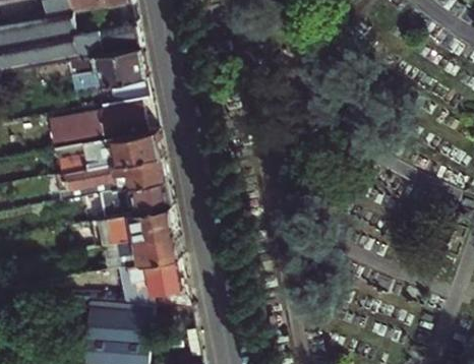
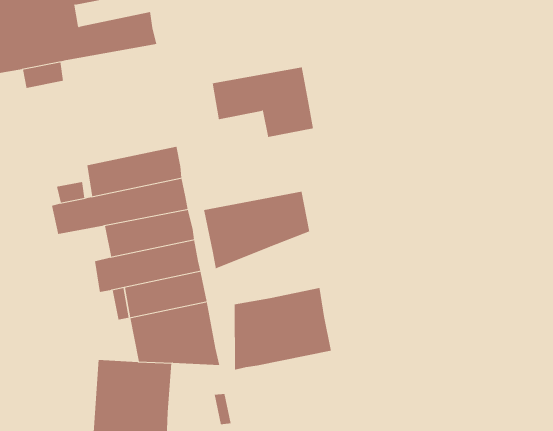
building: [63,47,145,104] -> [212,67,314,137]
building: [47,104,142,145] -> none
building: none -> [203,191,310,269]
building: none -> [234,287,332,371]

